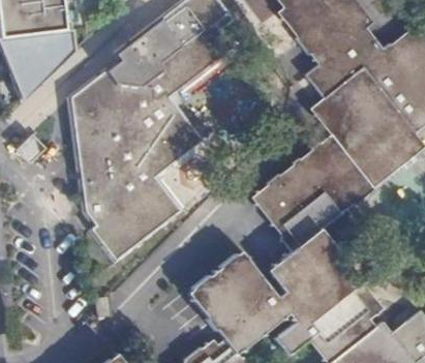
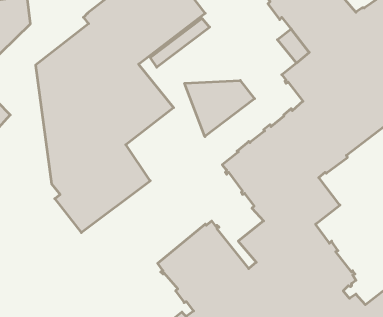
building: none -> [185,80,255,137]

